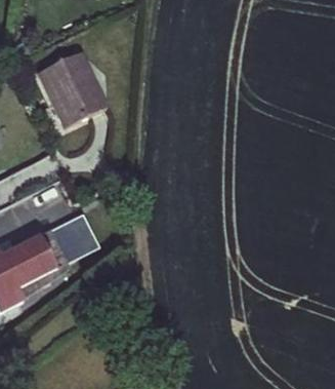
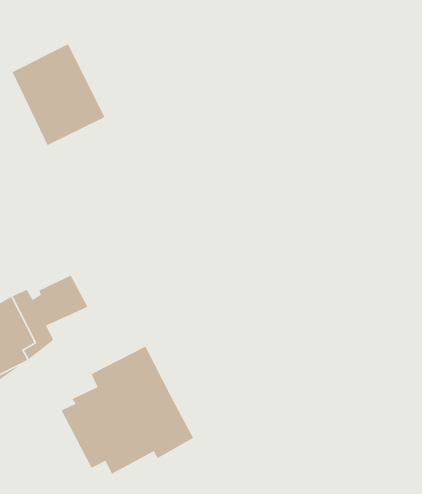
building: none -> [60,346,194,475]

